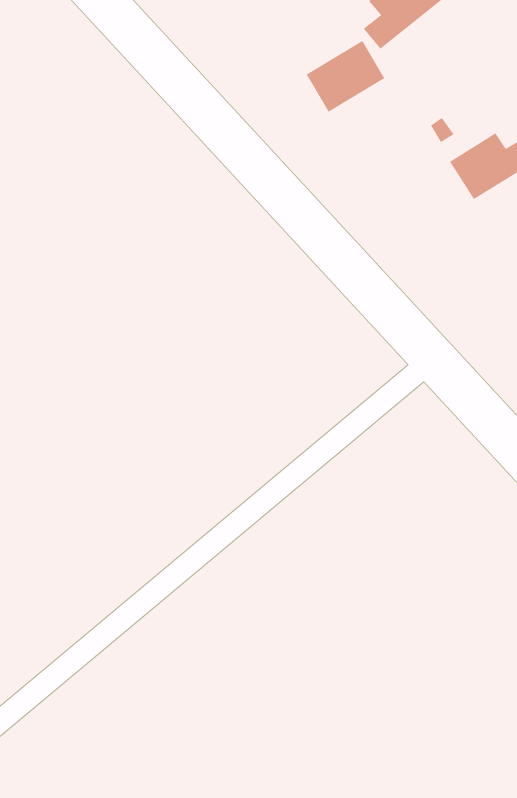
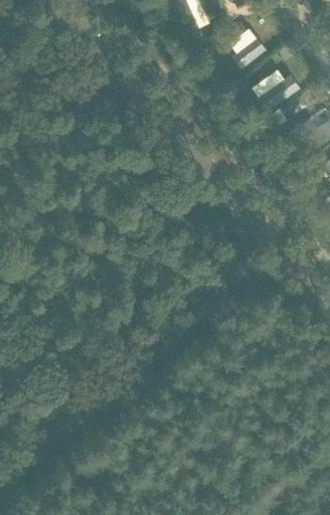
building: [306,40,385,113] -> [255,63,301,106]

